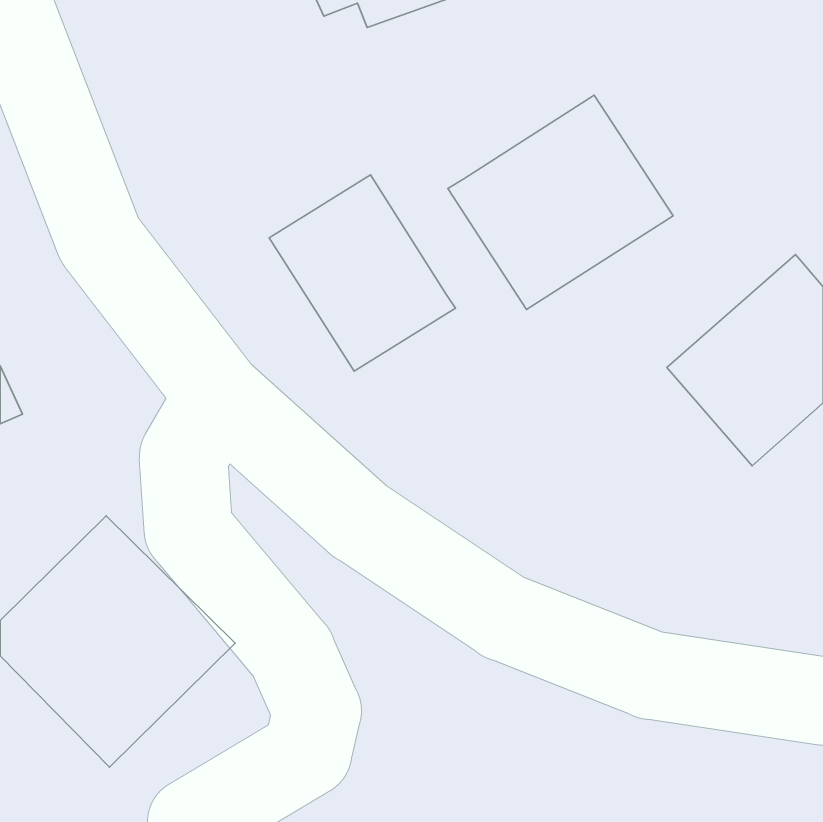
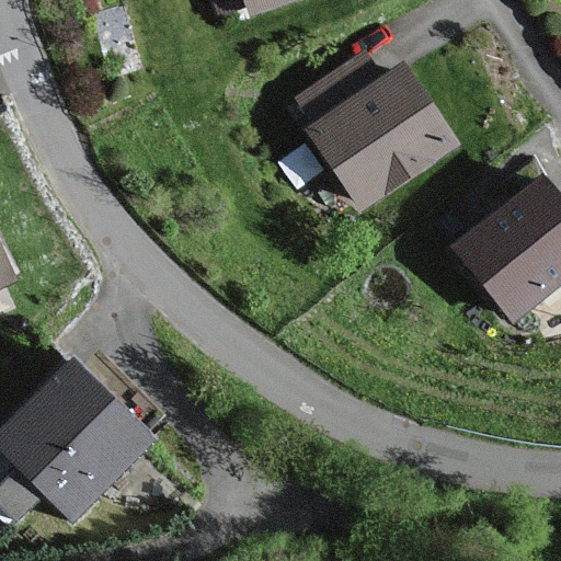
building: [269,175,455,371] -> none

